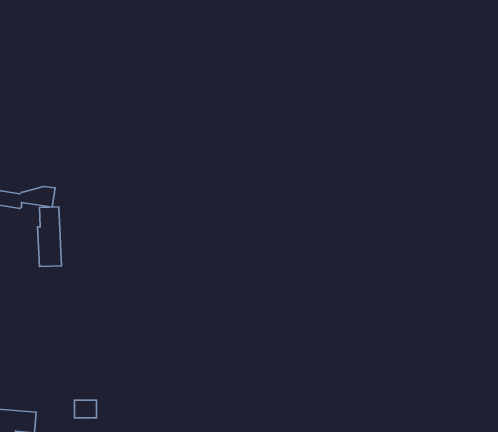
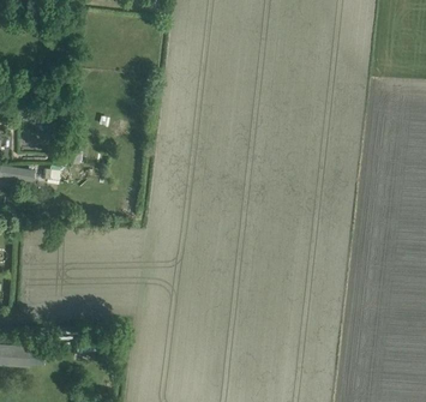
building: [38,207,62,267] -> none

